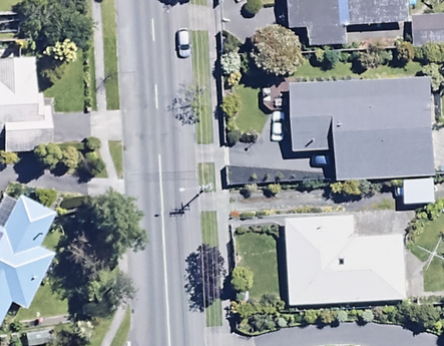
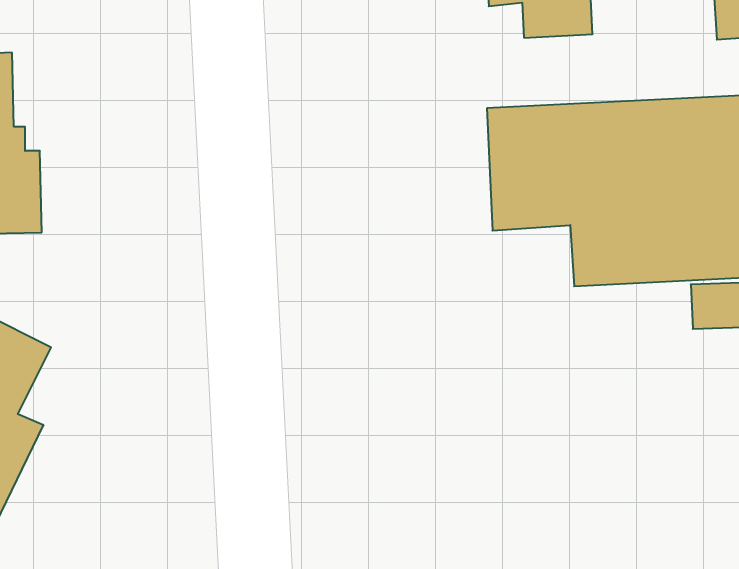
building: [285,215,405,303] -> none

